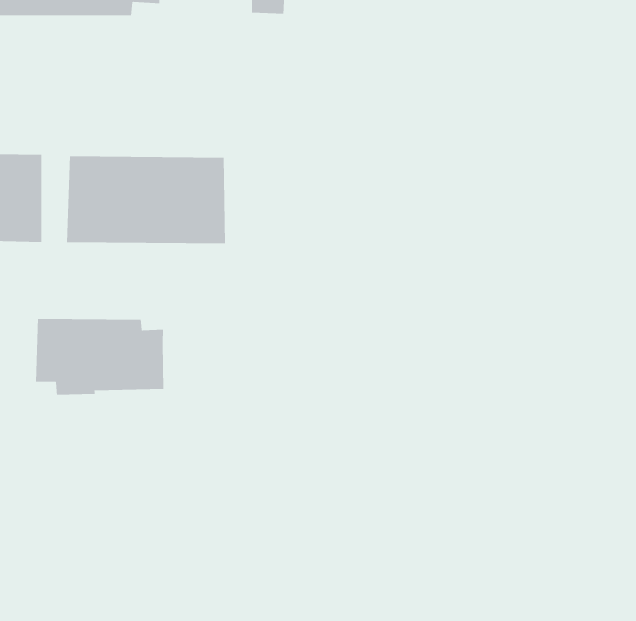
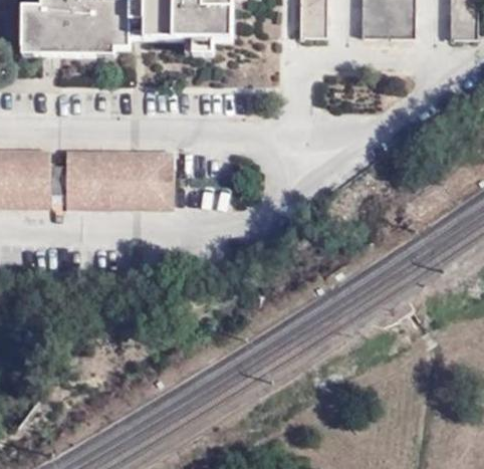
building: [36,318,164,395] -> none

